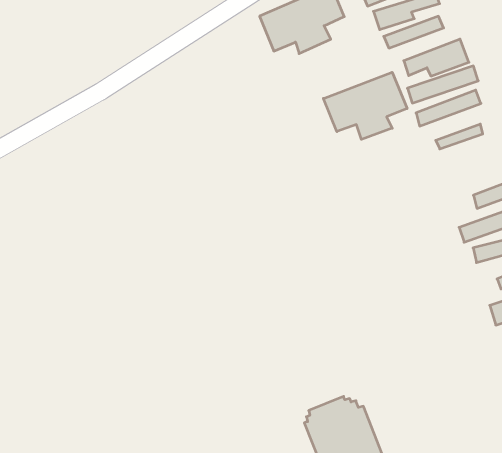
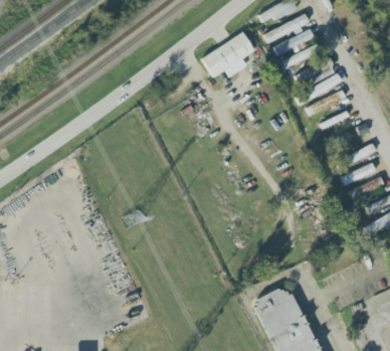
building: [323,72,407,139] -> none

